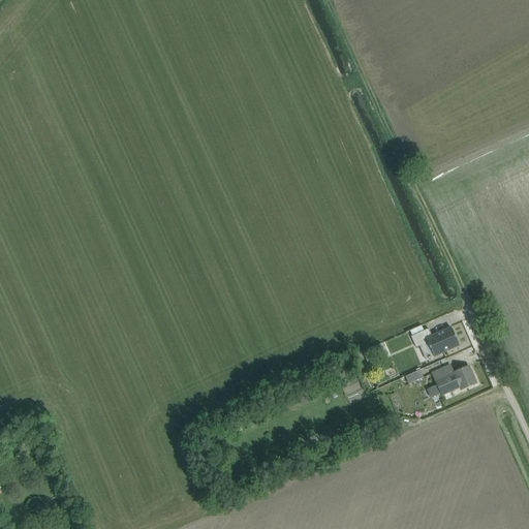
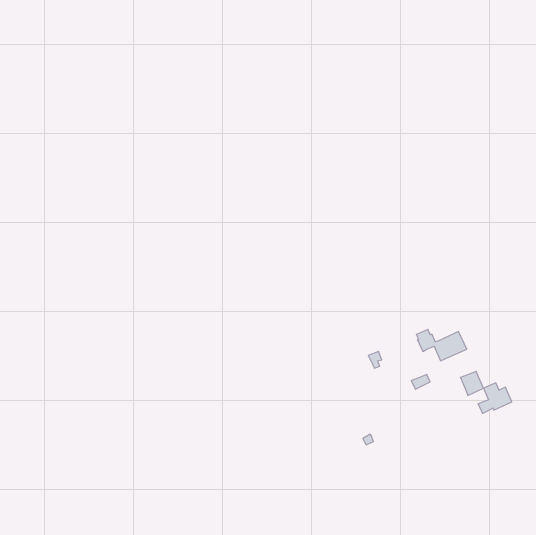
building: [427,368,460,398] -> [478,383,512,413]

